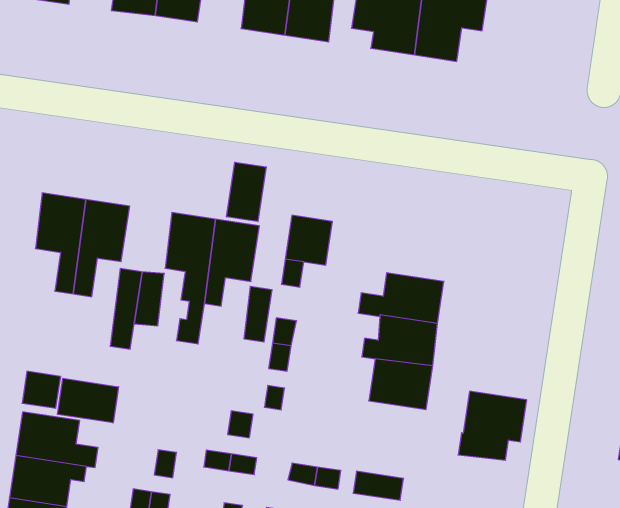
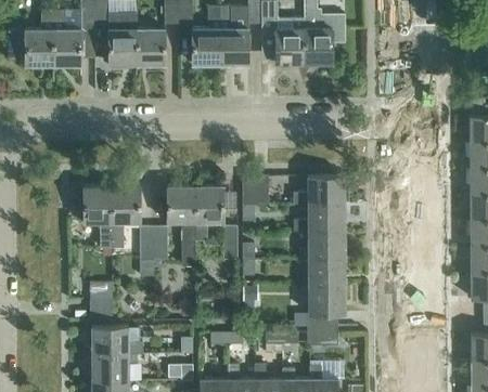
building: [227,162,266,222] -> none
building: none -> [293,175,348,204]
building: [57,378,119,423] -> none
building: [458,391,527,460] -> [307,286,345,327]

